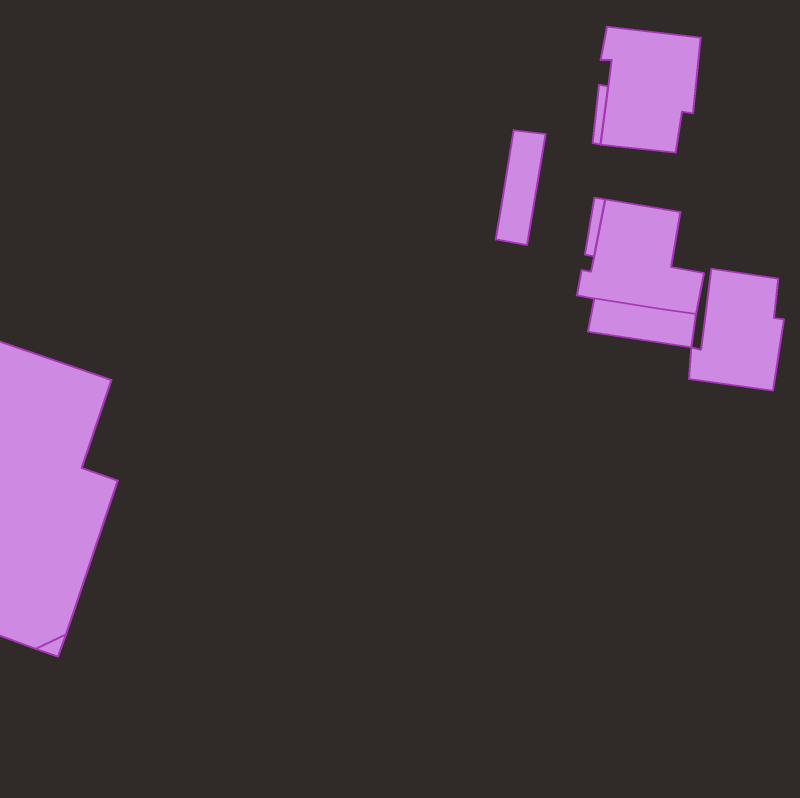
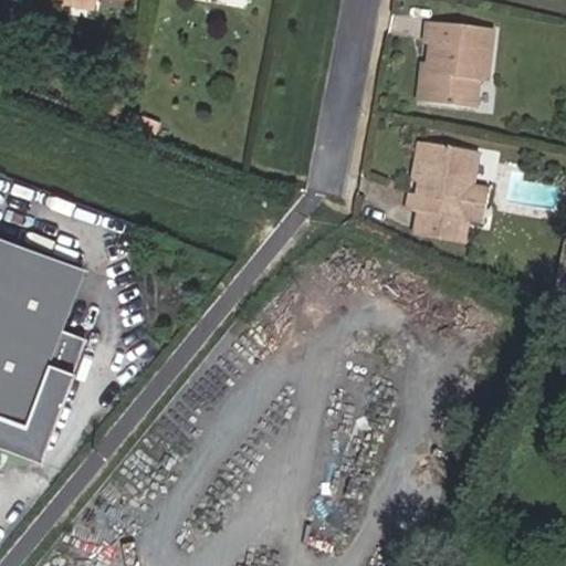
building: [496,130,545,245] -> none
building: [689,269,784,391] -> none

